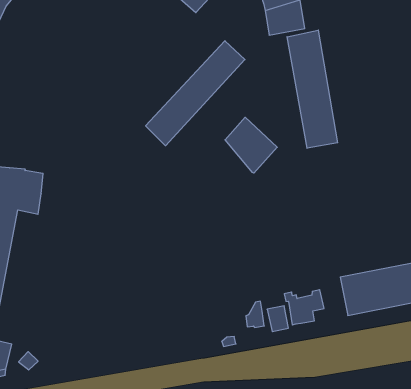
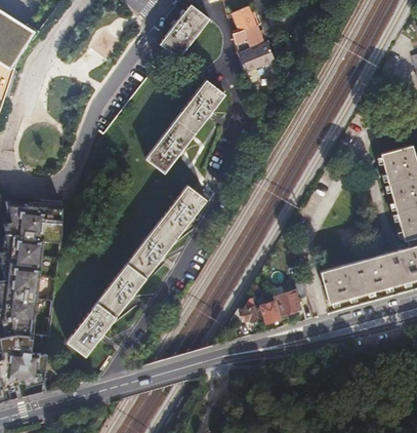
building: [287,30,338,148] -> none
building: [225,117,277,173] -> none
building: none -> [67,185,206,357]

